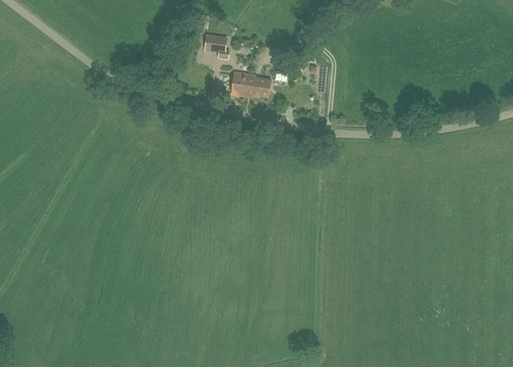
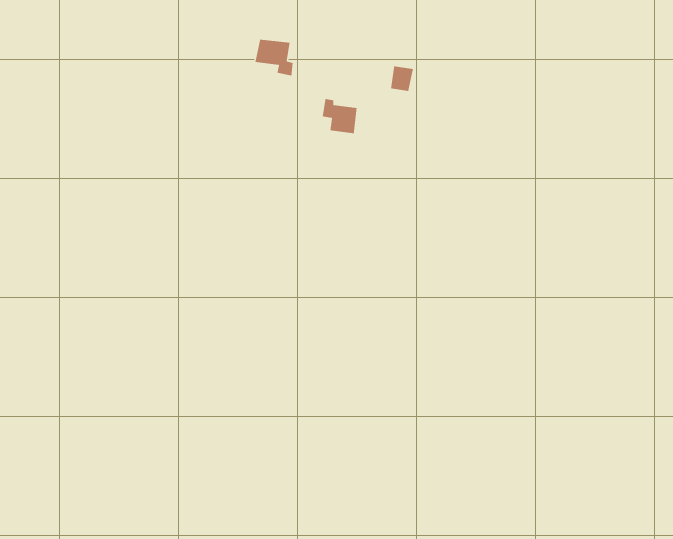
building: [231,72,254,97] -> none

